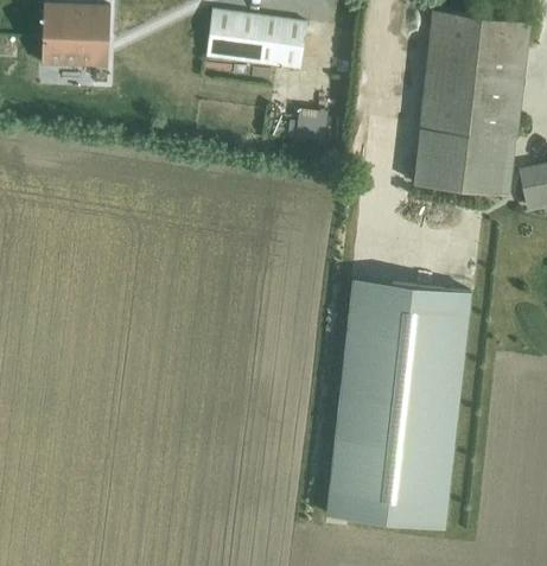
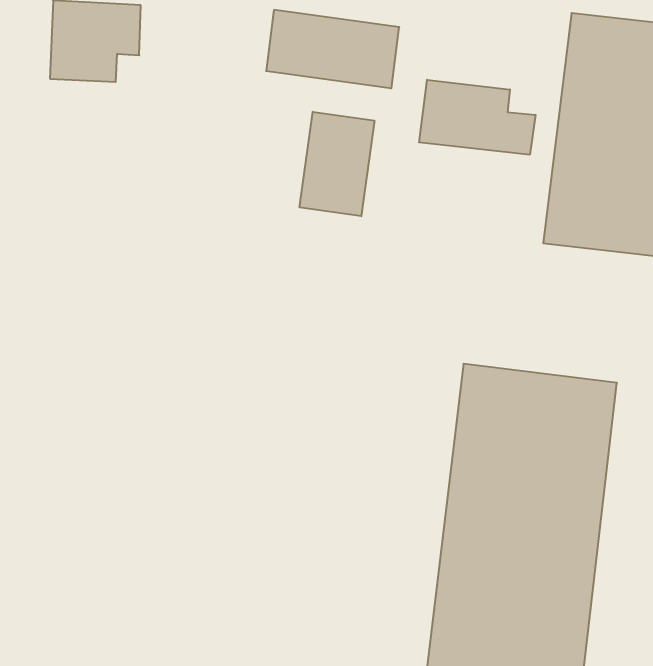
building: none -> [419,80,535,155]
building: none -> [300,112,374,216]

